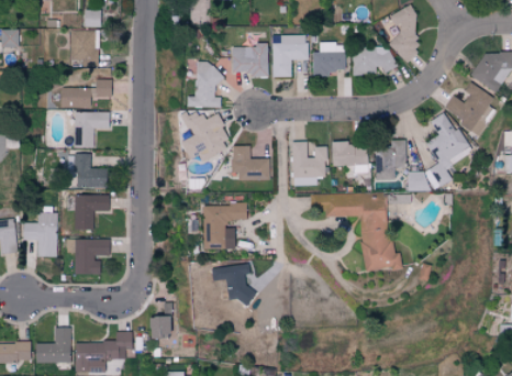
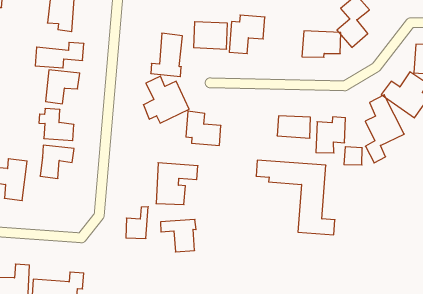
building: [312,43,346,74] -> none
building: [291,141,327,186] -> none
building: [67,239,110,275] -> none
building: [148,302,171,339] -> [126,207,148,238]

